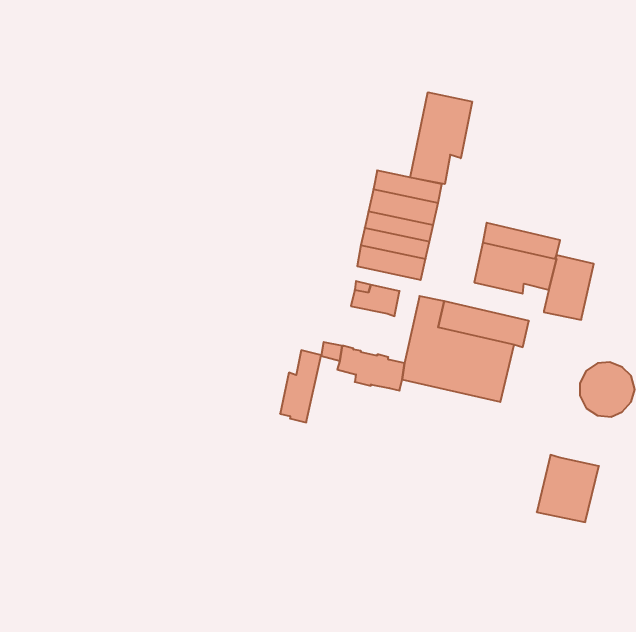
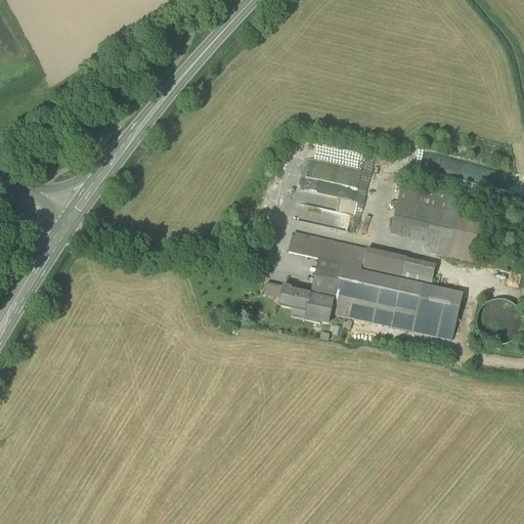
building: [410,92,472,184] -> none
building: none -> [427,233,451,256]
building: [280,350,321,422] -> [311,239,345,299]
building: [537,455,599,522] -> [411,283,463,339]

